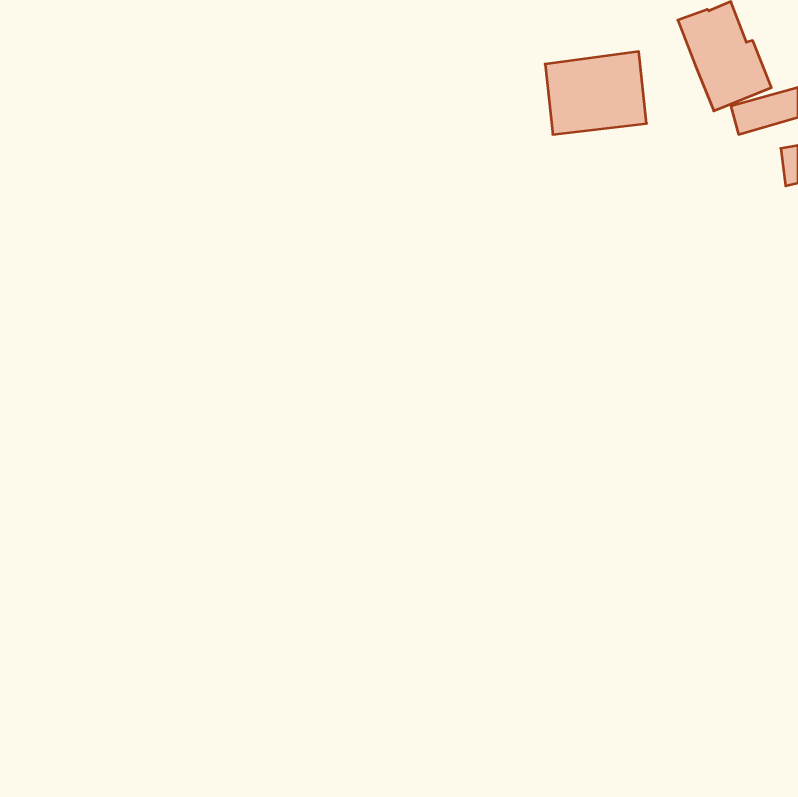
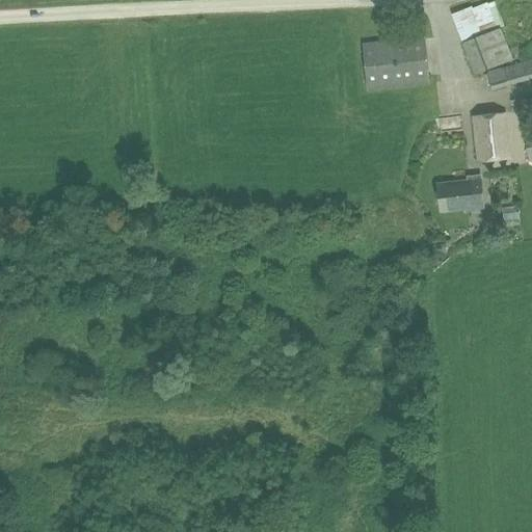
building: none -> [472,110,512,161]
building: none -> [437,178,483,210]

